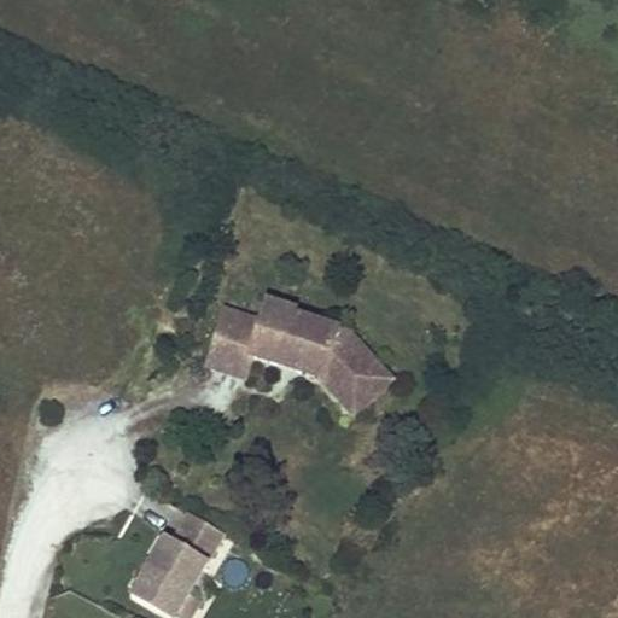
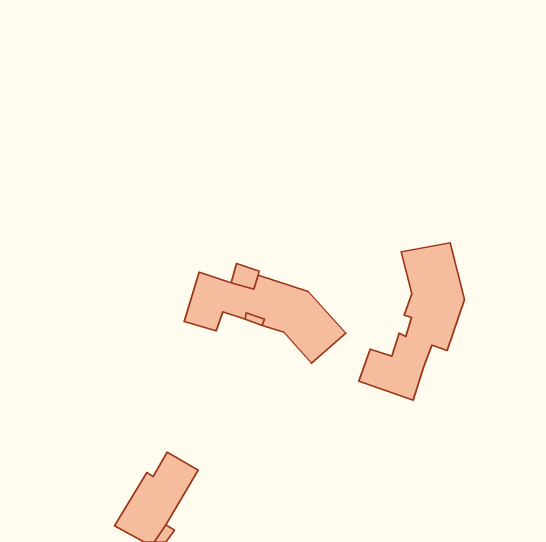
building: none -> [359,243,464,400]

